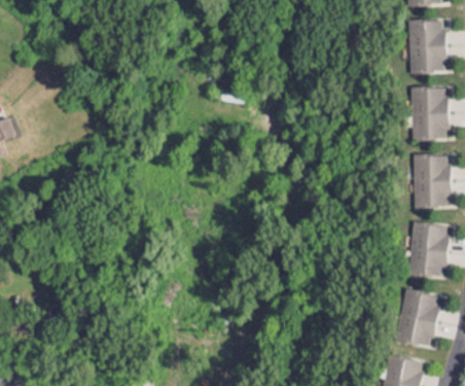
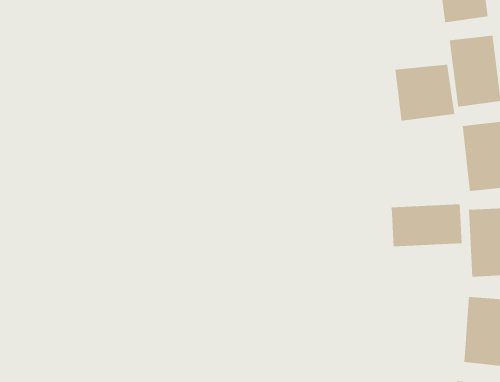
building: none -> [395,64,455,121]
building: none -> [391,204,462,247]

